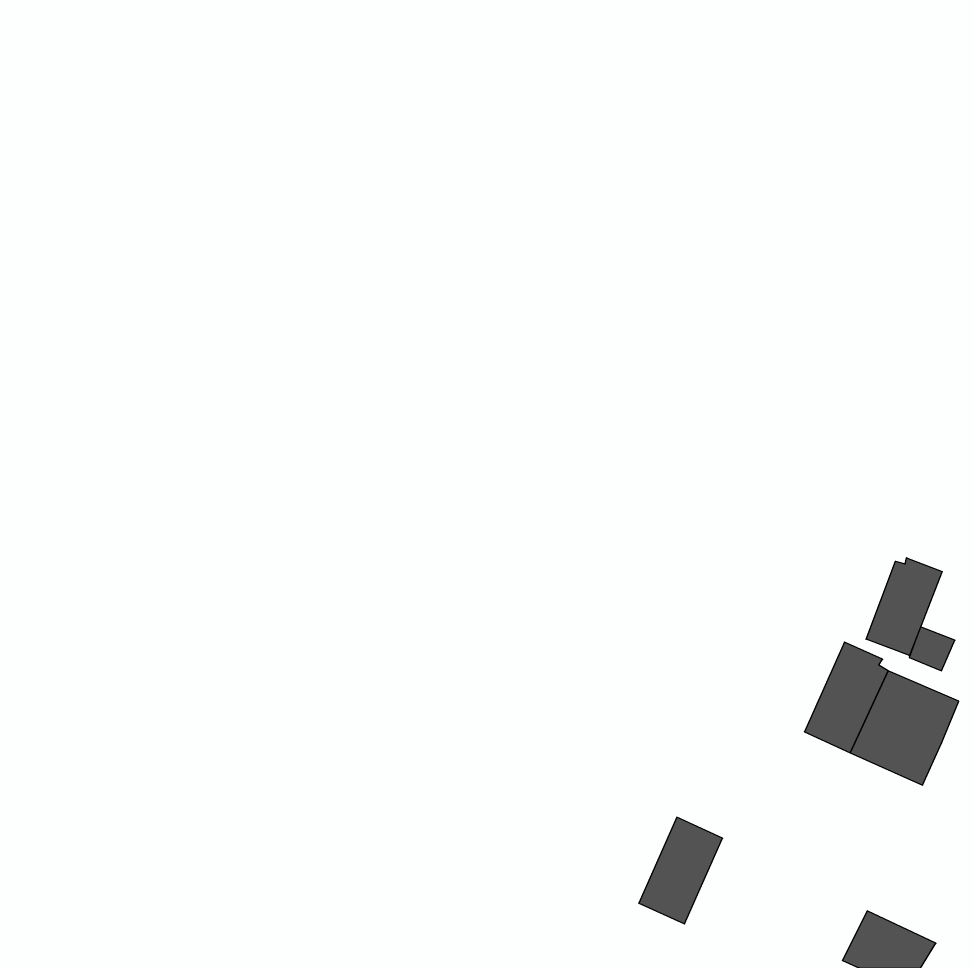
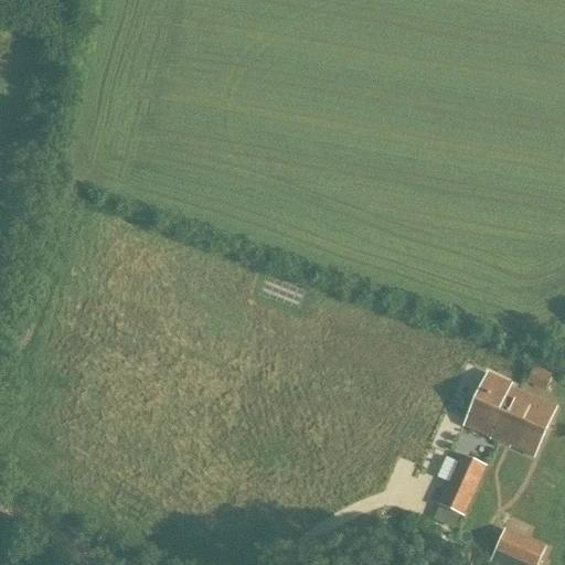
building: [866,558,942,656] -> none
building: [639,817,723,924] -> [438,451,487,513]

